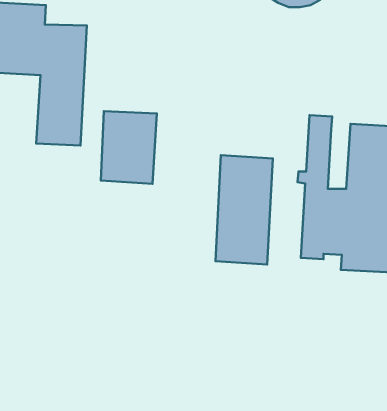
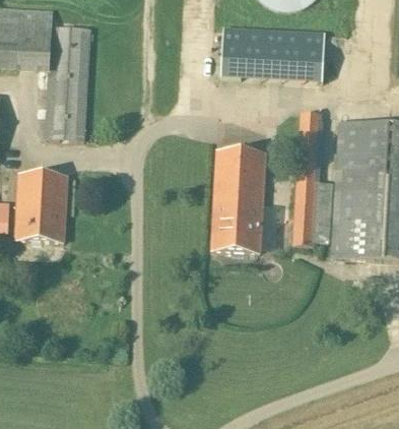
building: none -> [219,25,325,83]
building: [101,111,157,184] -> [14,173,67,241]

